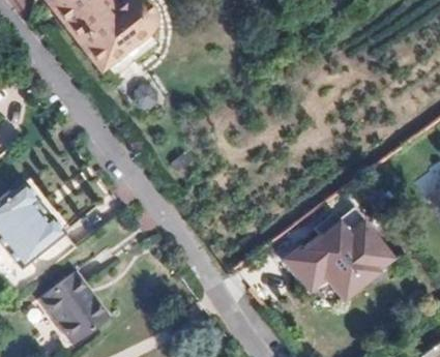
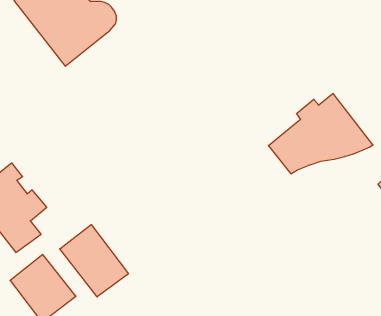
building: [283,206,394,292] -> [268,94,373,174]
building: none -> [60,225,128,297]

